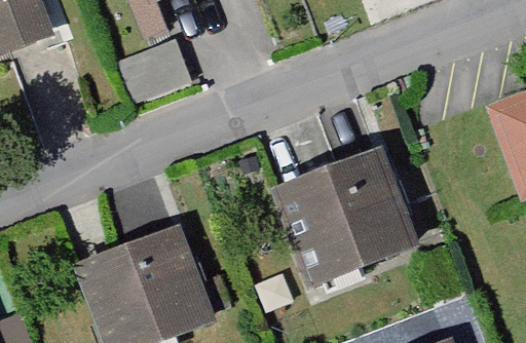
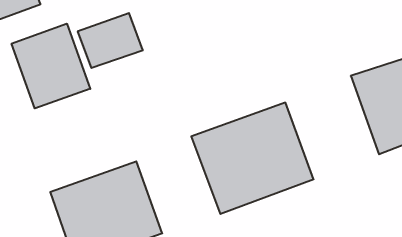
building: none -> [12,24,90,108]

